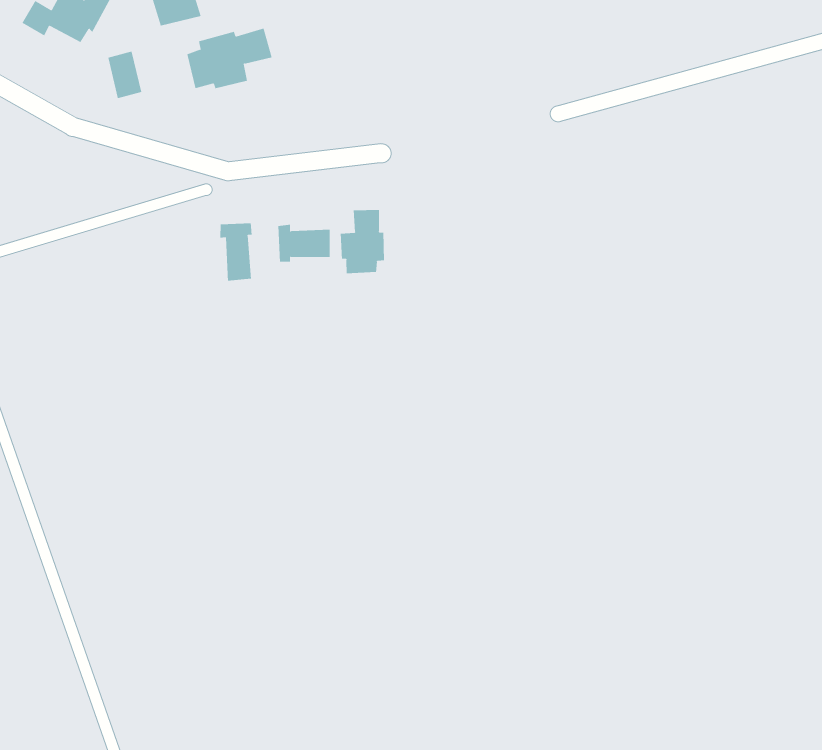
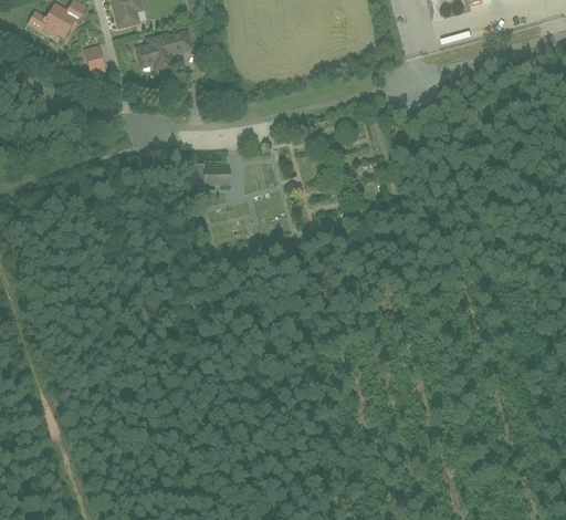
building: [340,209,385,274] -> none
building: [220,222,252,282] -> none

